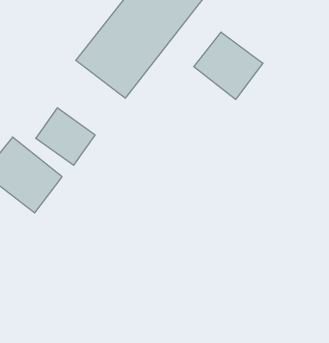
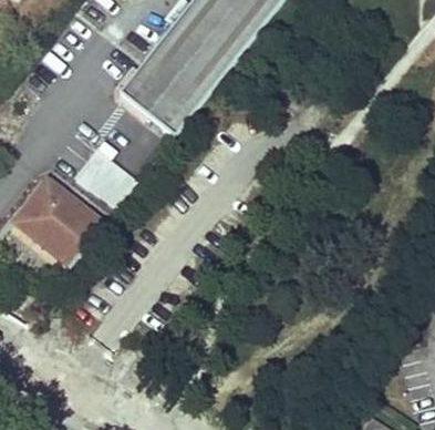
building: [194,32,263,99] -> none

